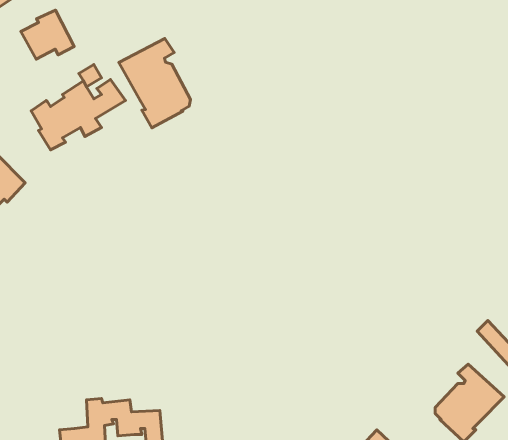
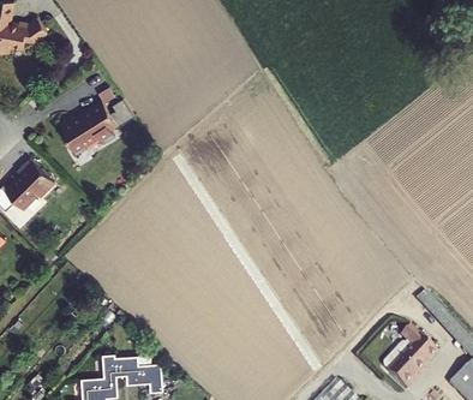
building: [21,10,74,59] -> none
building: [119,39,191,128] -> none

